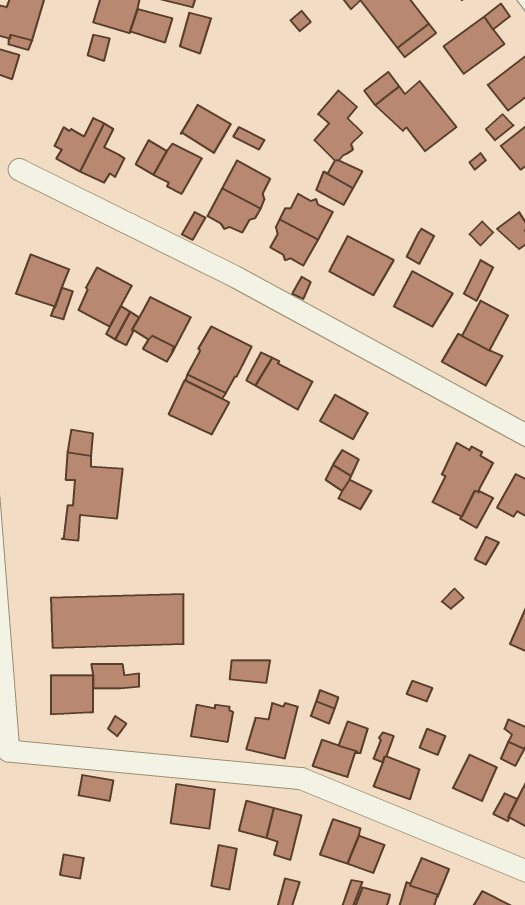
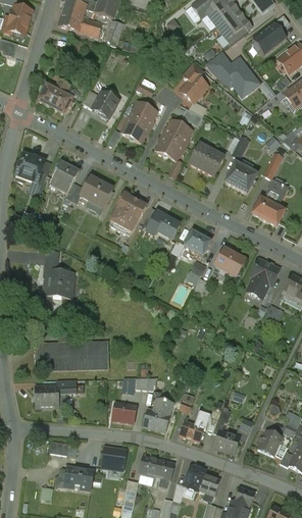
building: [181,105,231,153] -> none
building: [169,380,229,435] -> none
building: none -> [214,248,245,276]
building: none -> [56,467,94,489]

